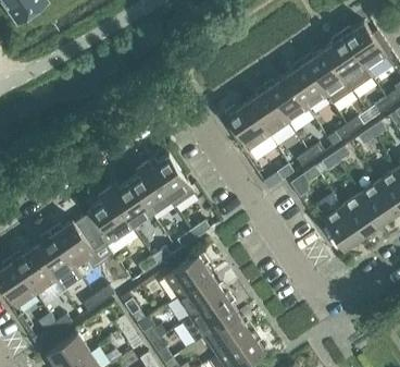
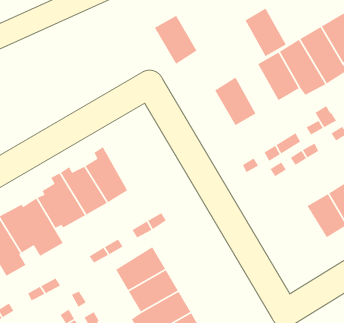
building: [266,76,308,123] -> [244,8,287,57]
building: [226,103,268,150] -> [154,15,197,65]
building: [146,155,195,207] -> none
building: [323,207,361,249] -> none

